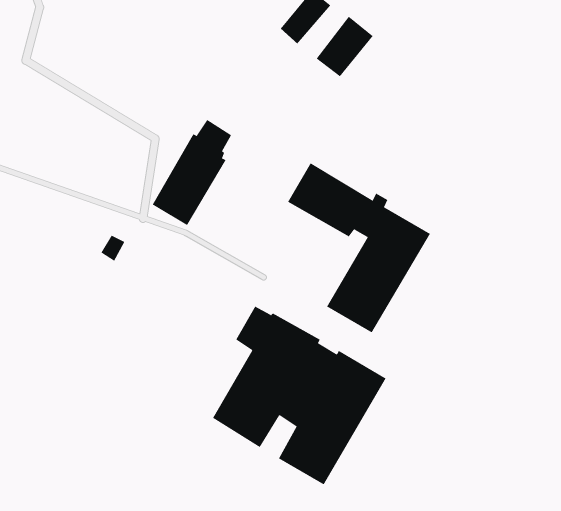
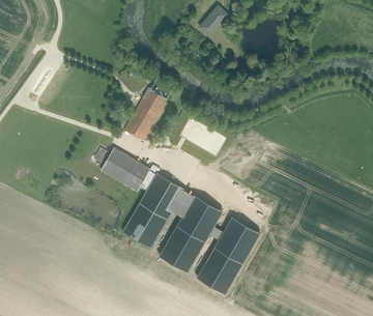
building: [316,16,374,77] -> none
building: [287,163,431,333] -> [101,147,184,247]

